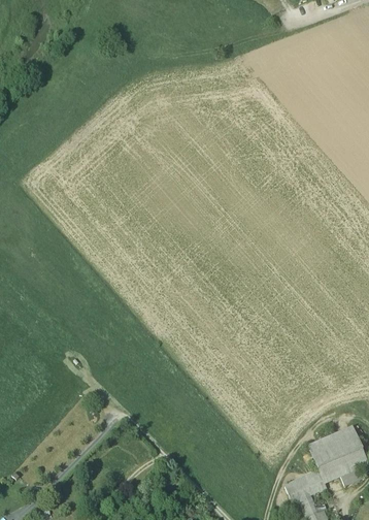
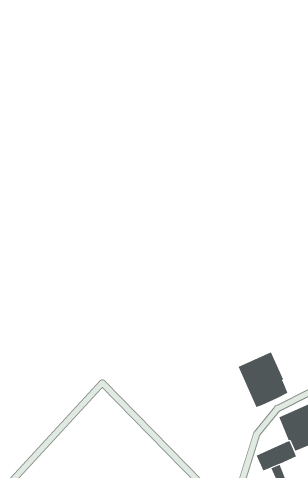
building: none -> [238,352,288,408]

